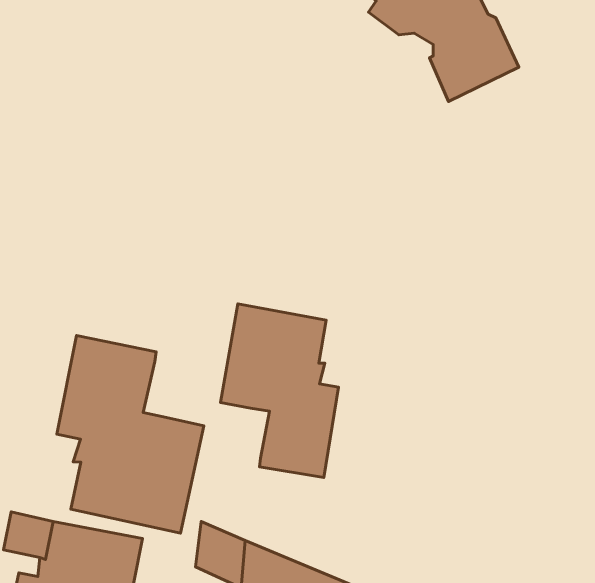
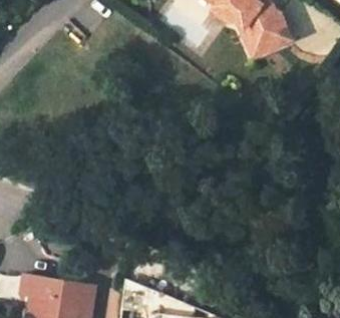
building: [220,304,338,478] -> none
building: [57,336,204,533] -> none

